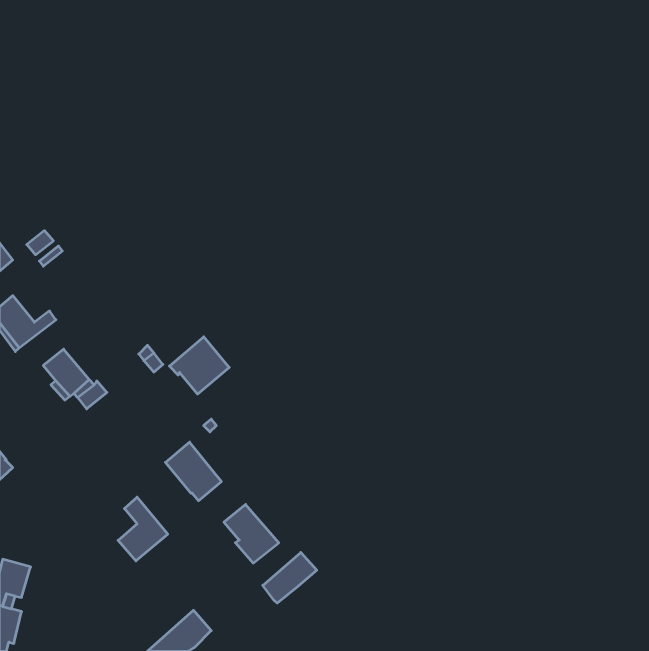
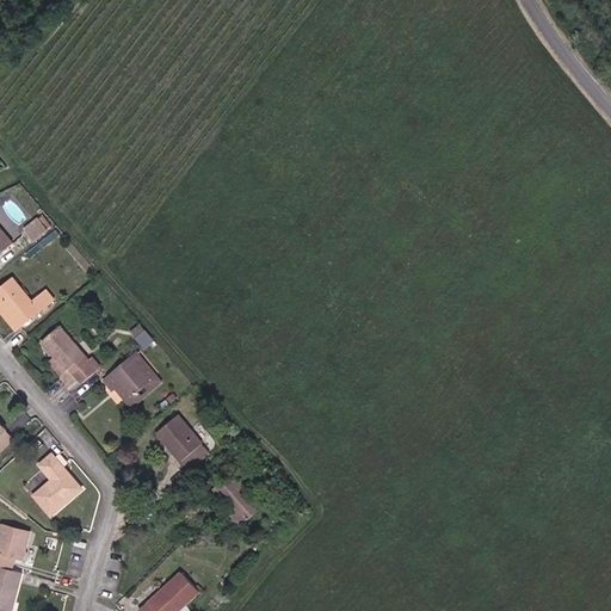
building: [169,337,229,394] -> [104,353,160,407]
building: [118,497,168,561] -> [33,455,80,514]
building: [263,552,317,603] -> none

